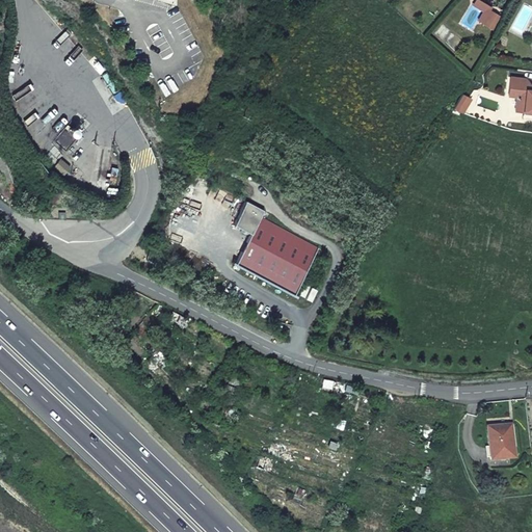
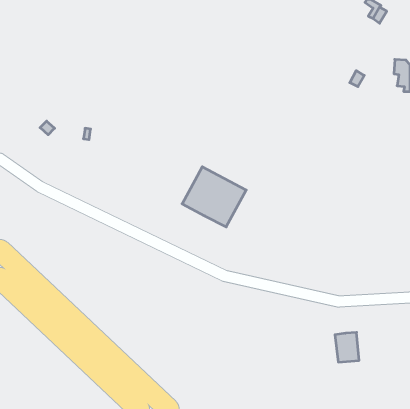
building: [233,201,264,234] -> none
building: [486,423,517,461] -> [335,332,359,362]

